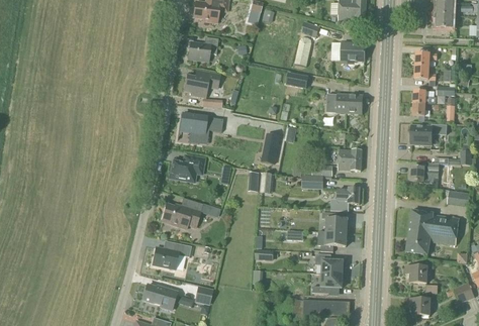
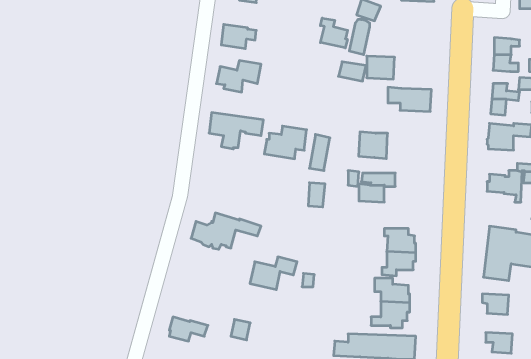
building: none -> [320,18,348,48]
building: [342,42,365,62] -> [367,56,395,79]
building: [338,148,362,171] -> [359,132,388,159]
building: [168,155,203,183] -> [264,126,307,159]
building: [330,188,360,211] -> none
building: [152,242,191,269] -> [250,257,297,290]

